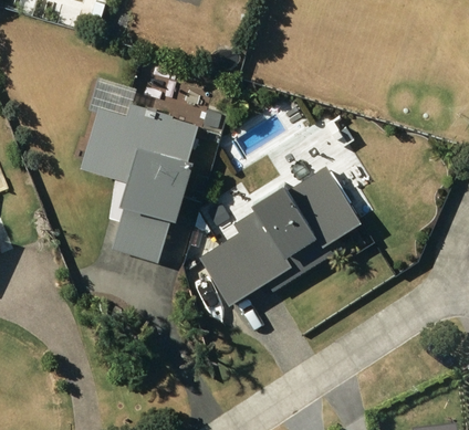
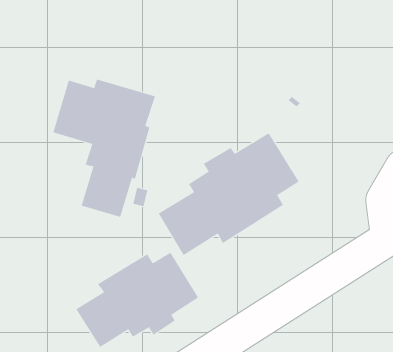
building: none -> [76,252,199,348]

